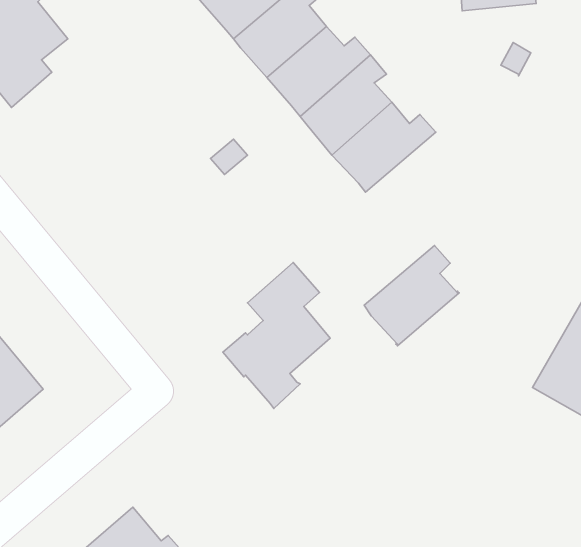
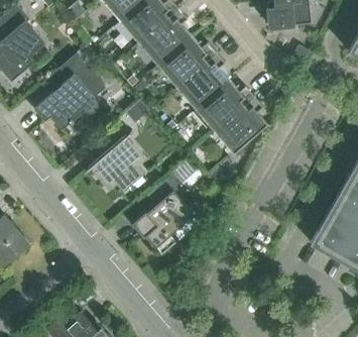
building: none -> [33,53,106,129]
building: none -> [93,123,142,188]
building: [364,245,459,346] -> [214,97,268,154]

